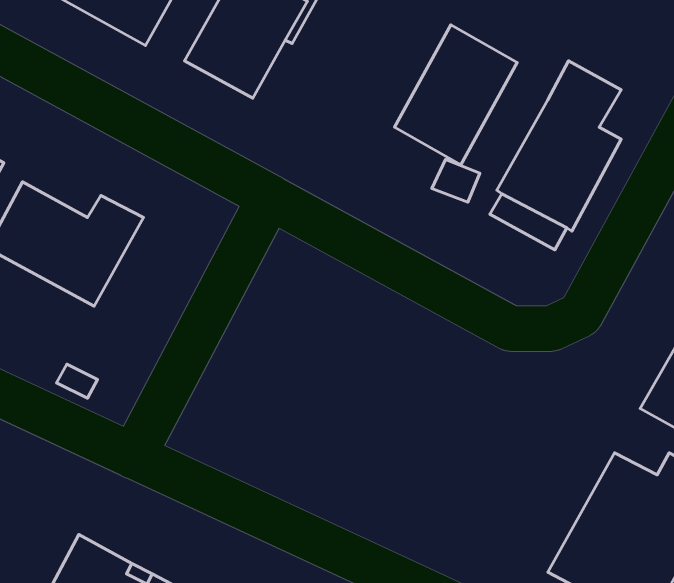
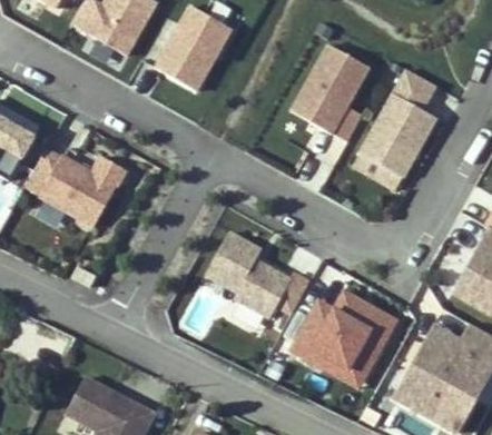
building: none -> [205,230,311,320]
building: none -> [288,288,398,390]

